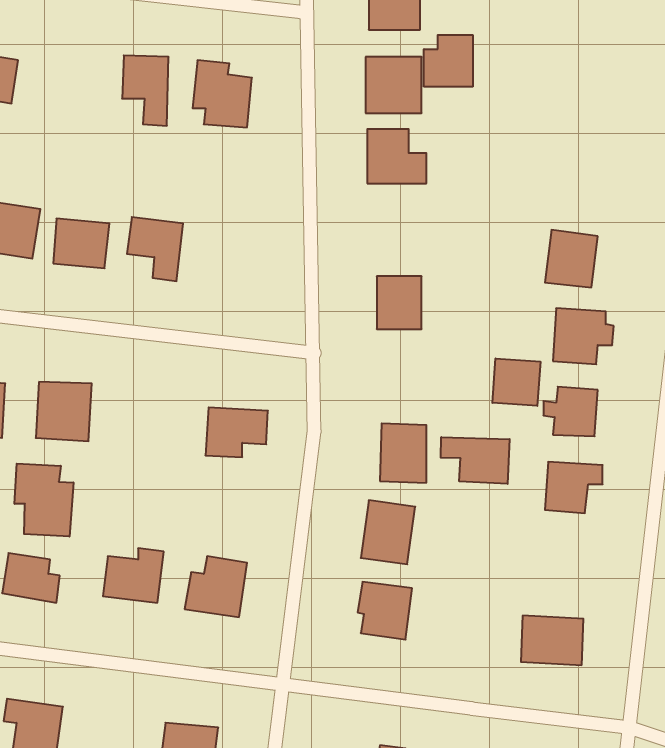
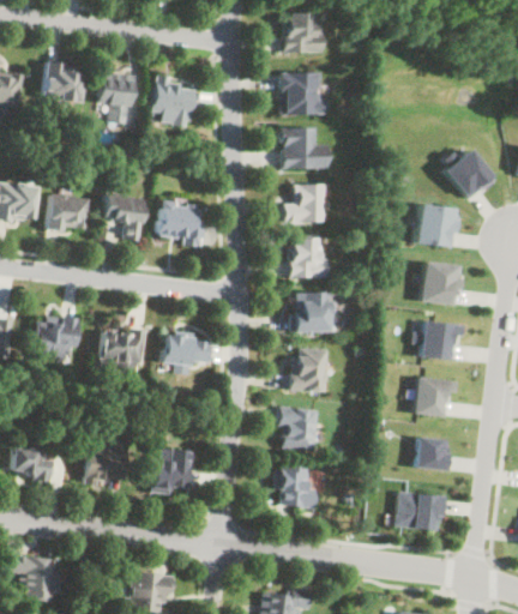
building: [424,35,473,87] -> none
building: none -> [43,62,88,103]
building: none -> [442,148,493,199]
building: none -> [284,183,324,222]
building: none -> [158,200,206,248]
building: none -> [294,291,332,331]
building: [492,358,540,406] -> none
building: none -> [101,326,144,369]
building: [441,437,510,484] -> none
building: [15,464,73,537] -> none
building: none -> [418,437,452,469]

